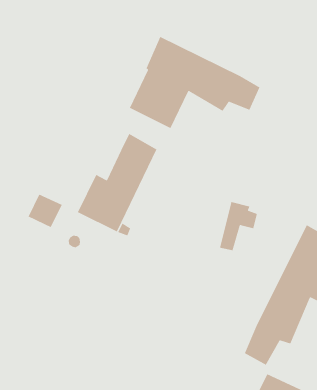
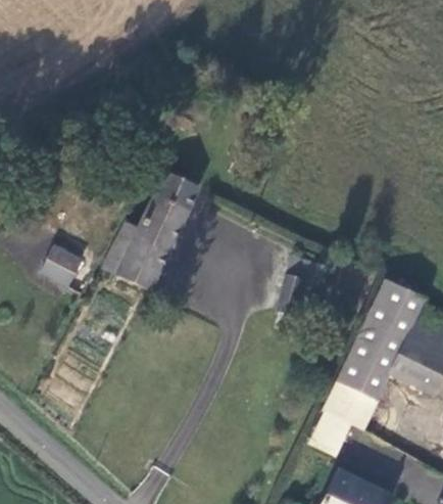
building: [129,36,261,129] -> none

